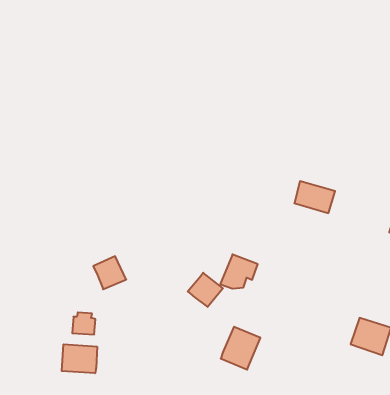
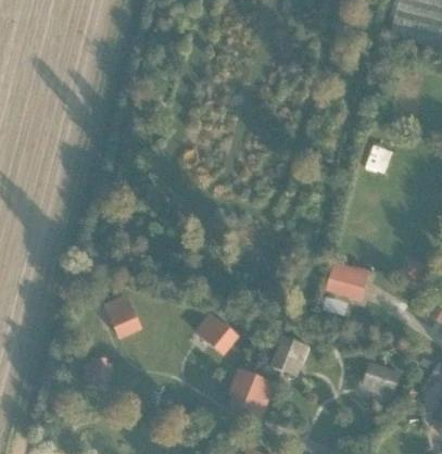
building: [294,181,335,213] -> [328,266,368,298]
building: [220,254,258,289] -> [273,335,310,368]
building: [62,344,97,373] -> none

